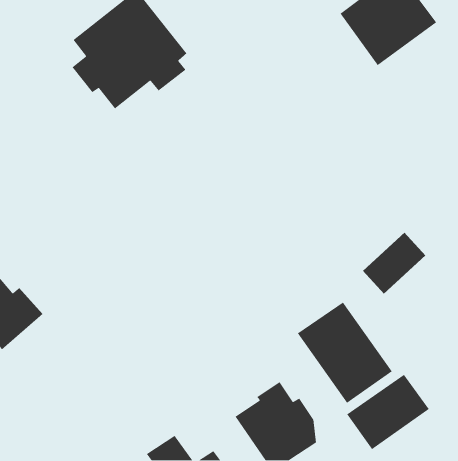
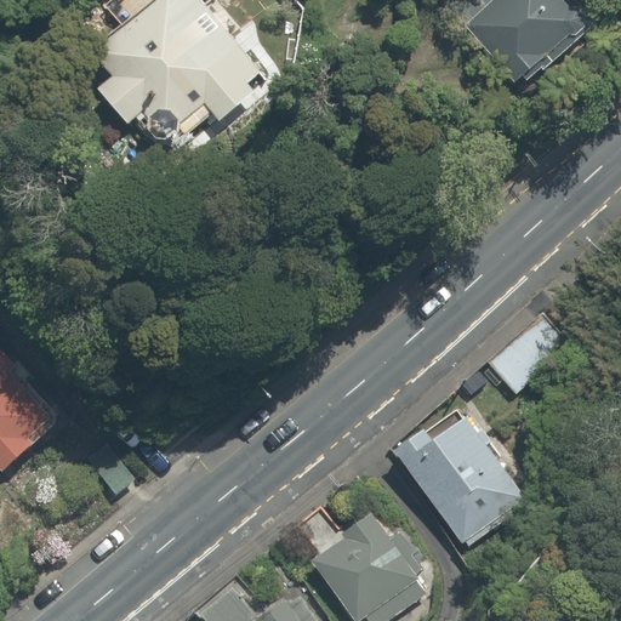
building: [346,374,430,450] -> none

